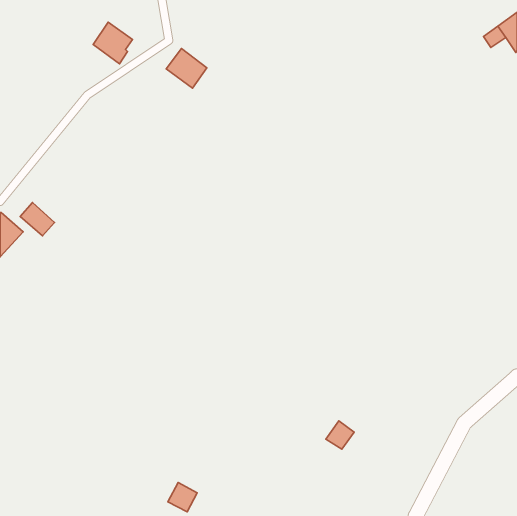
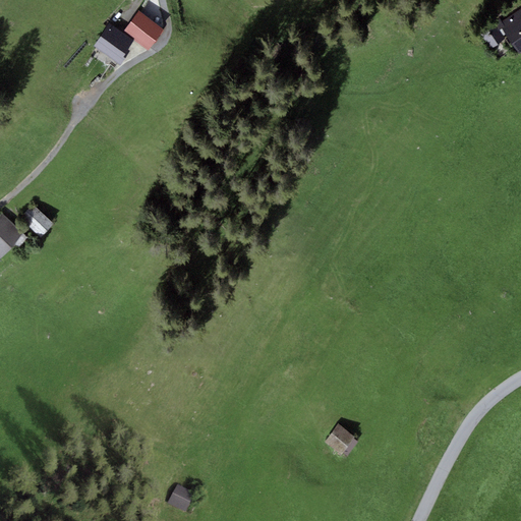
building: [166,49,207,88] -> [123,9,164,49]

